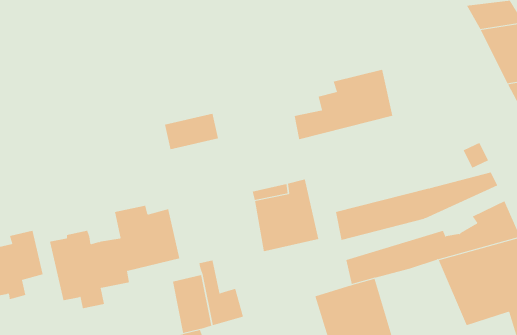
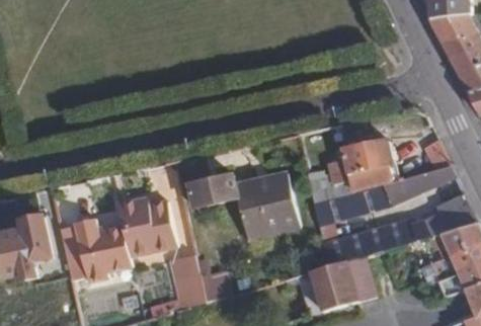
building: [294,69,393,140] -> [309,138,397,200]
building: [164,113,219,150] -> [189,173,238,206]

